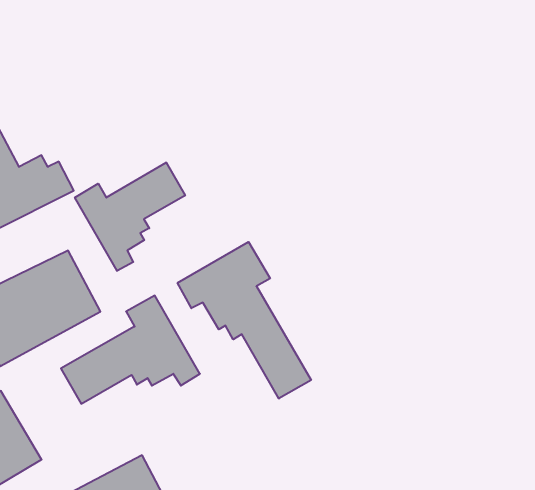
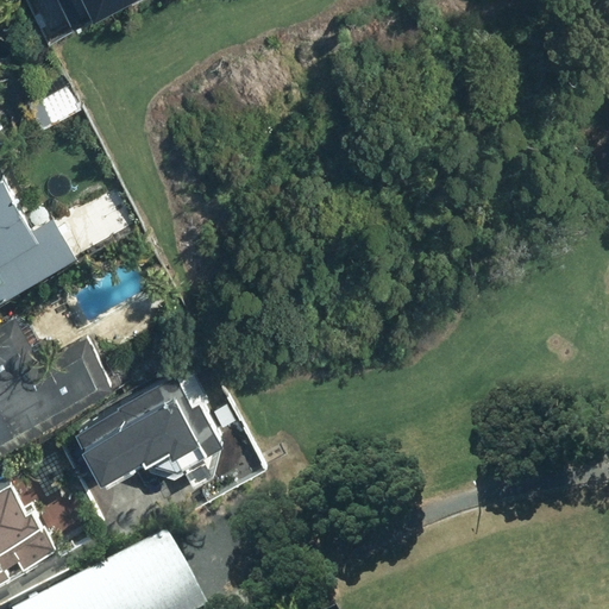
building: [75,162,185,271] -> none
building: [178,242,311,399] -> none

